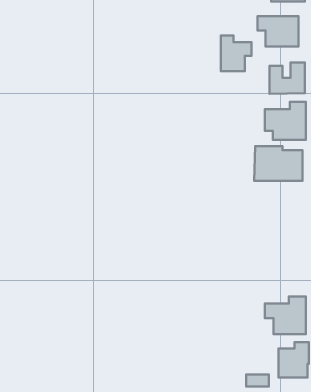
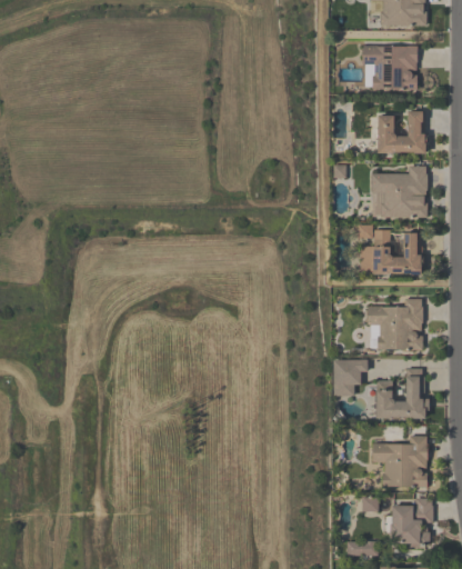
building: [221,35,252,71] -> none
building: none -> [368,297,423,349]
building: none -> [333,360,364,395]
building: none -> [374,368,426,417]

